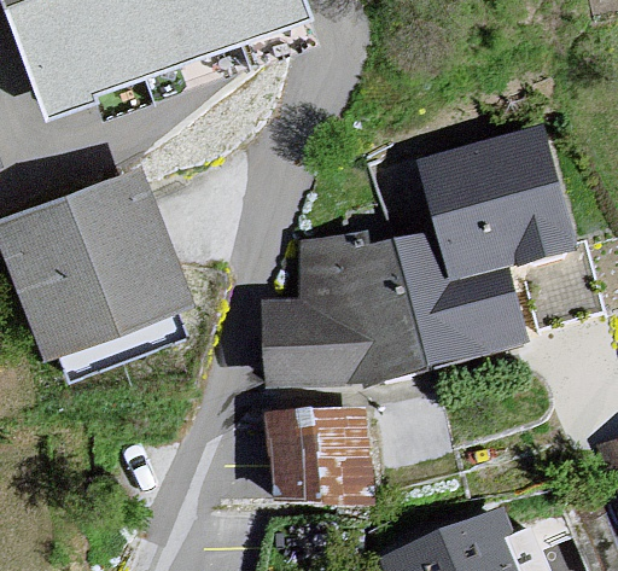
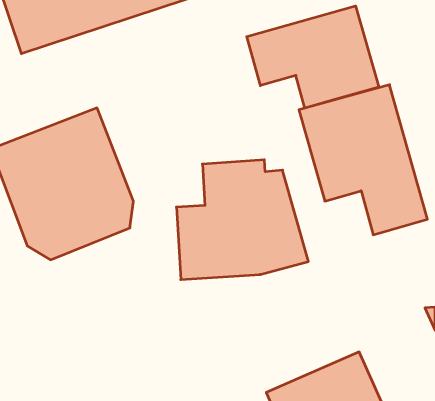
building: none -> [247,6,379,108]
building: [396,234,527,374] -> none
building: [264,404,384,532] -> none

